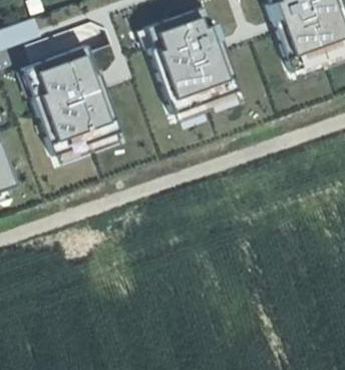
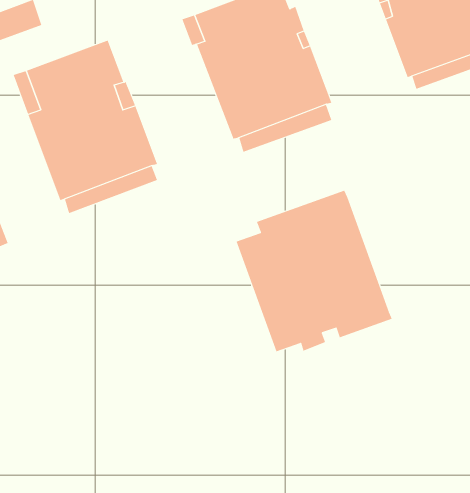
building: none -> [236,190,393,352]

